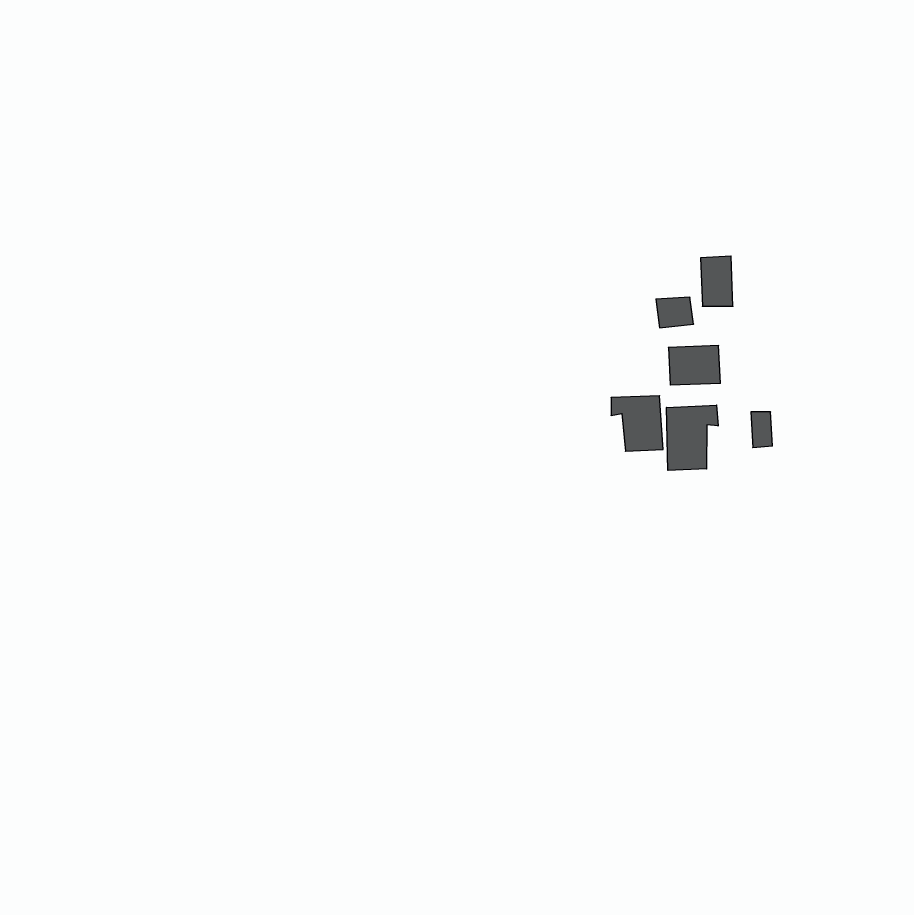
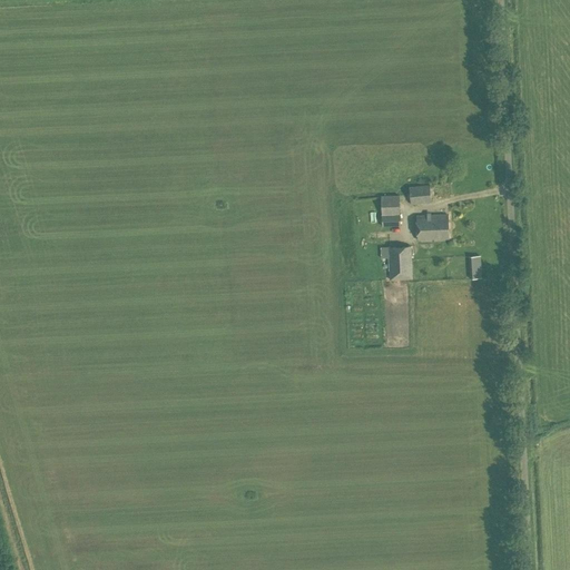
building: [701,256,733,306] -> [380,195,400,226]
building: [667,405,718,470] -> none

